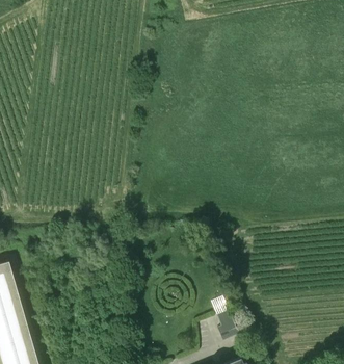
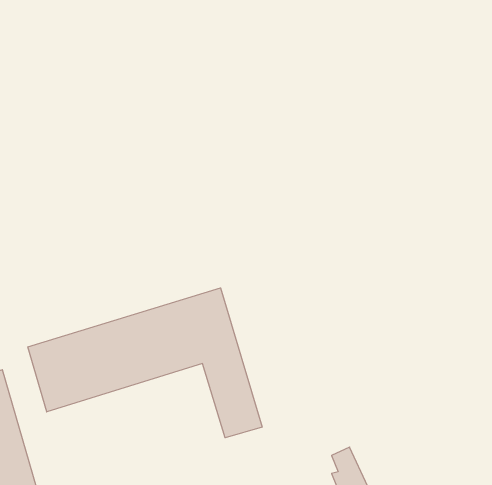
building: none -> [28,288,262,438]

